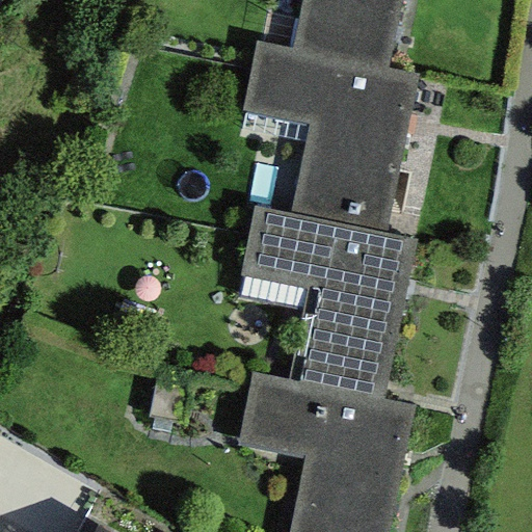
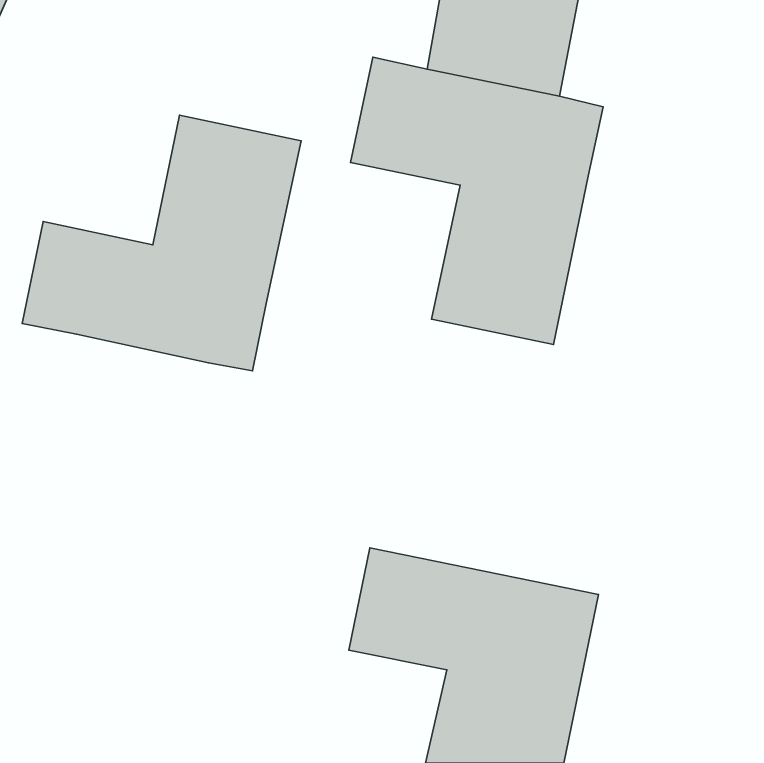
building: none -> [22,115,301,371]
building: [242,215,414,398] -> none

